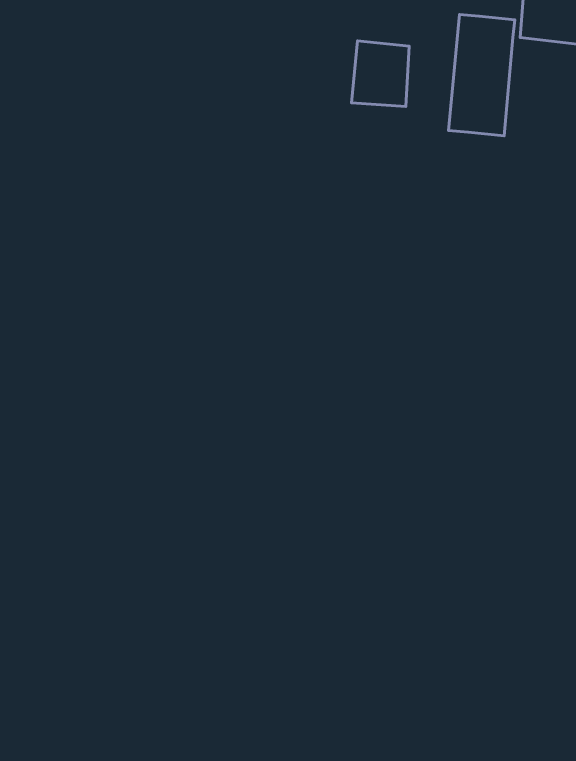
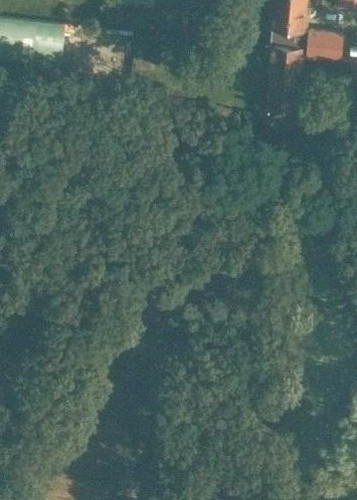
building: [352,41,409,107] -> none

